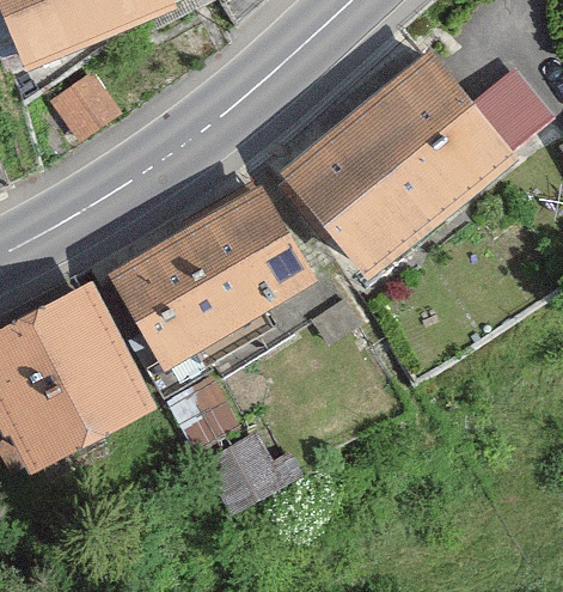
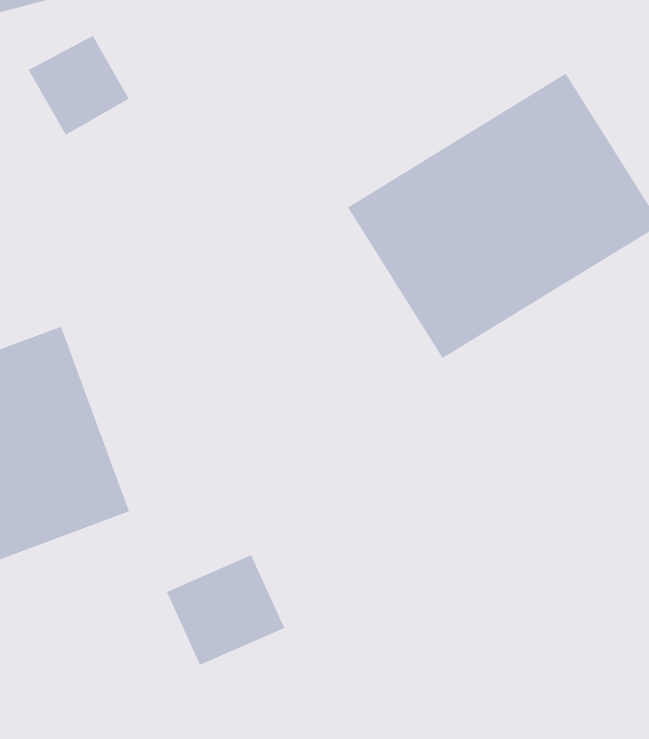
building: [115,190,320,370] -> none

